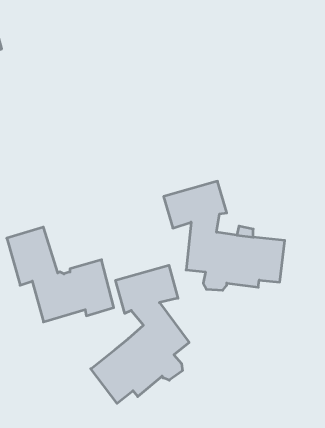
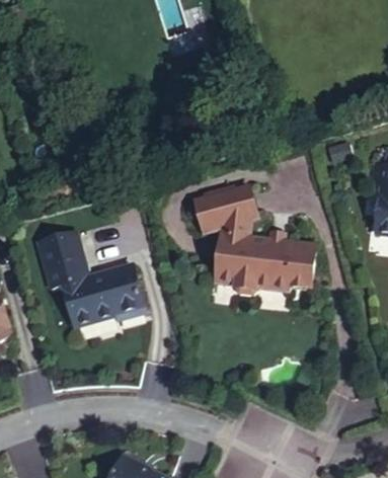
building: [91,265,189,403] -> none

